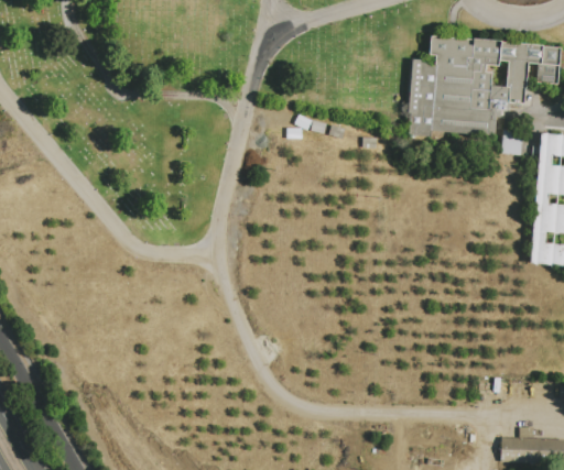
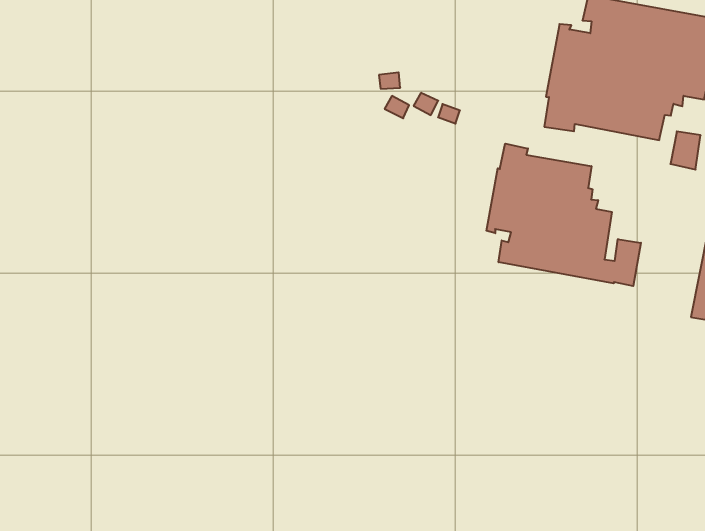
building: none -> [486,144,641,286]

